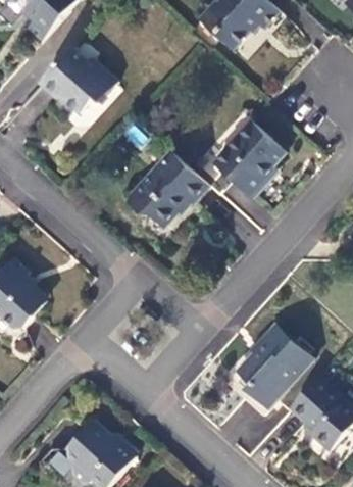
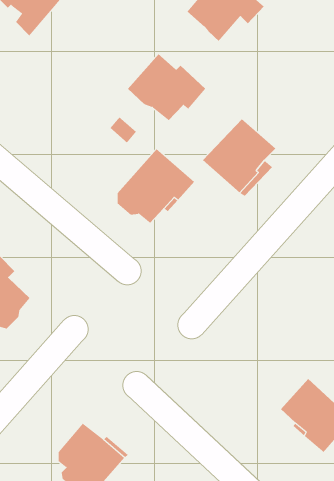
building: [39,47,116,113] -> [127,53,206,121]
building: [236,325,308,407] -> none

